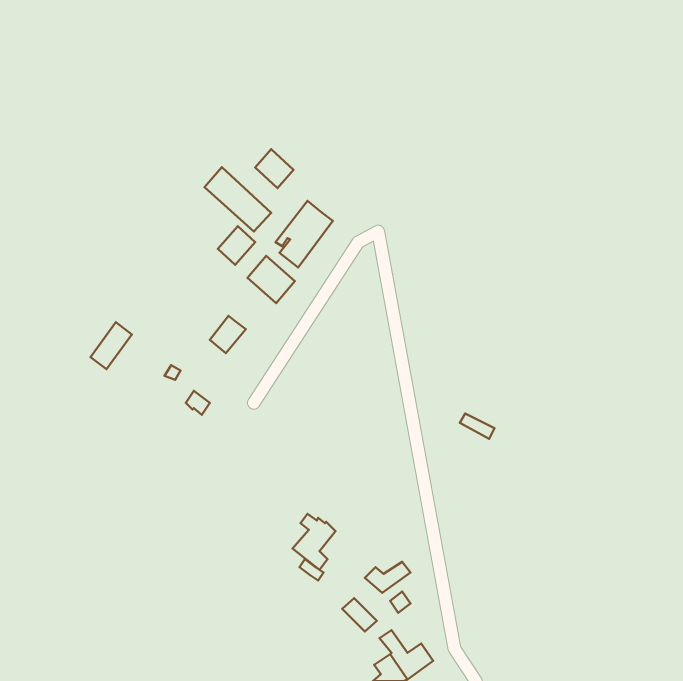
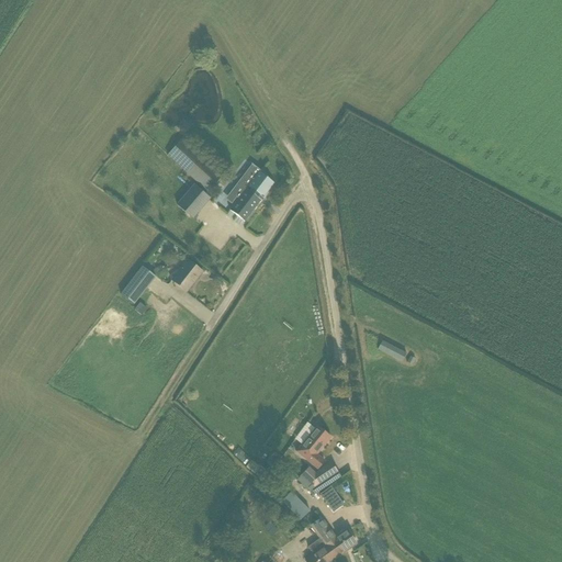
building: [255,149,293,188] -> none
building: [248,256,295,303] -> none
building: [90,322,132,369] -> [121,263,155,302]
building: [293,514,335,570] -> [295,422,330,468]

